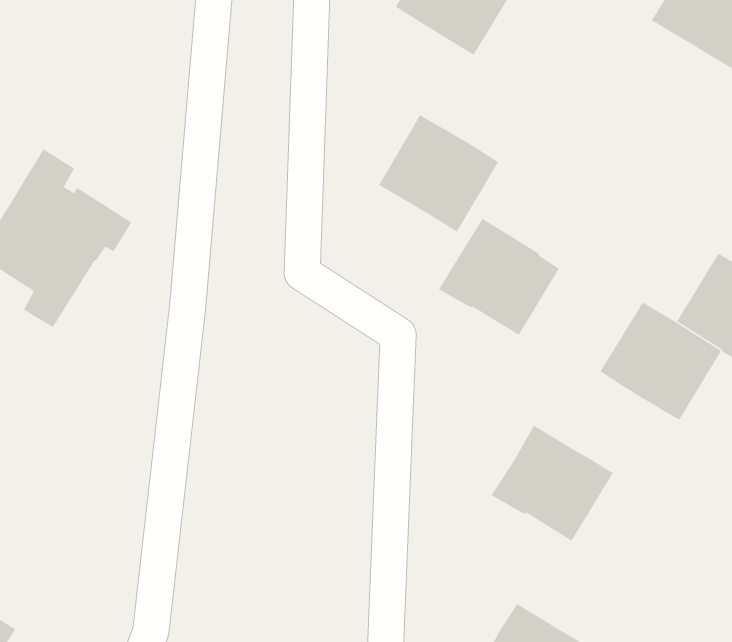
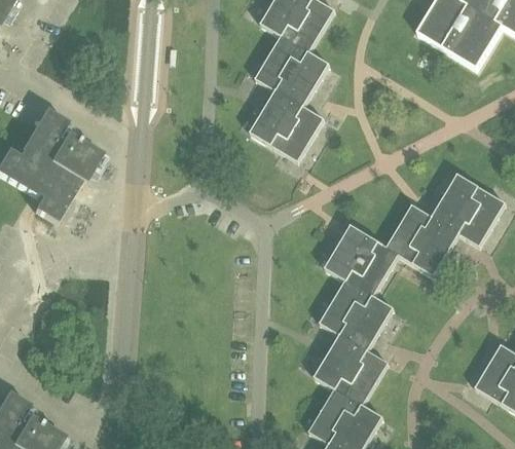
building: none -> [255,35,330,105]
building: [438,218,560,336] -> [324,223,398,295]
building: none -> [314,332,389,404]

